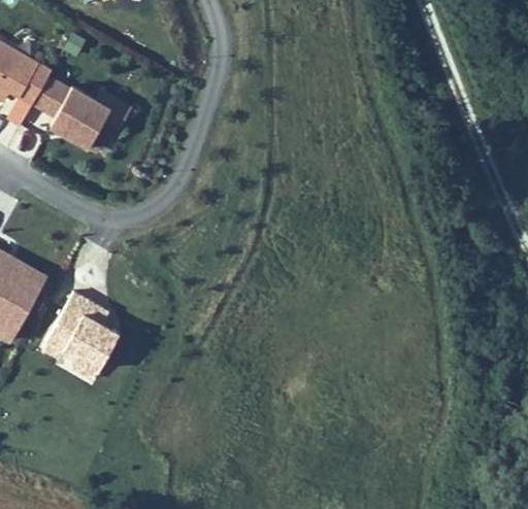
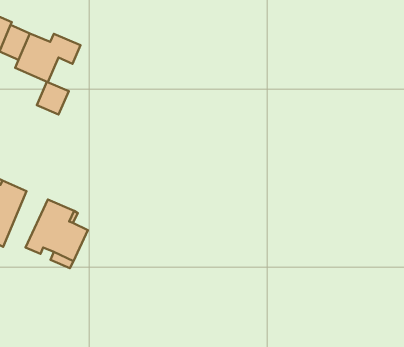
building: none -> [37,82,69,114]

